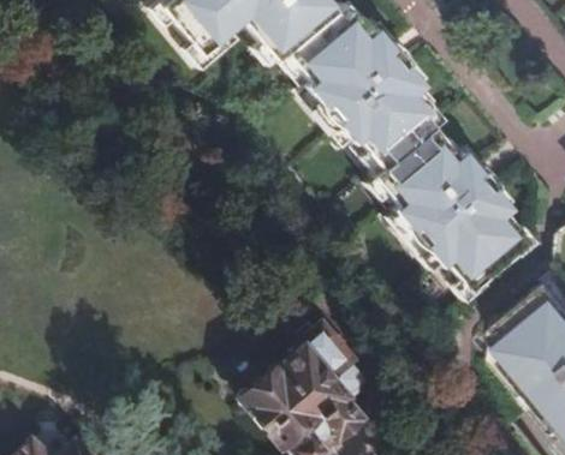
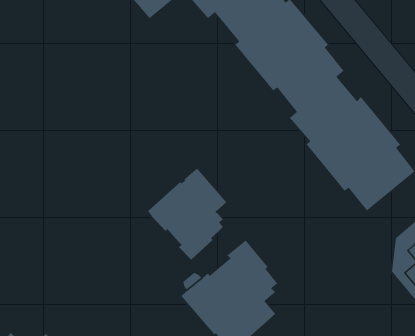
building: none -> [147,167,227,261]

